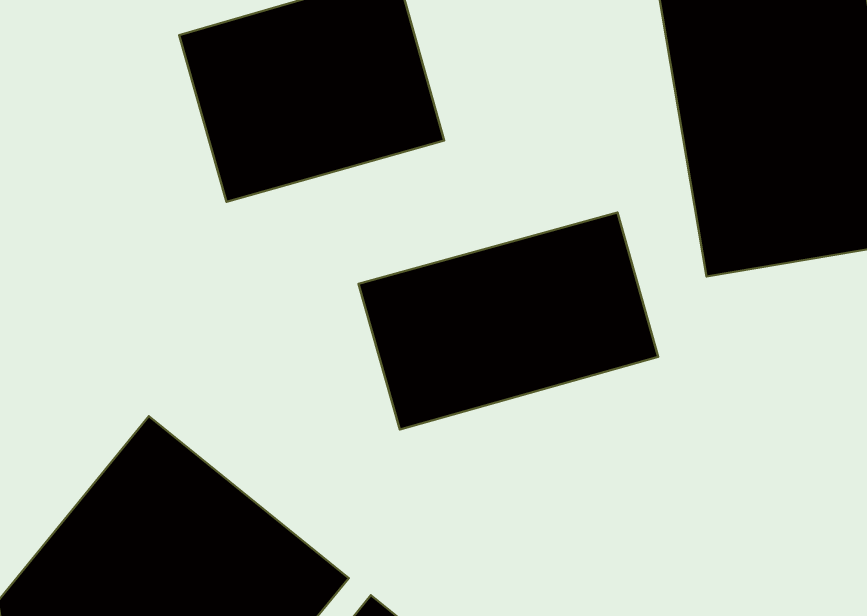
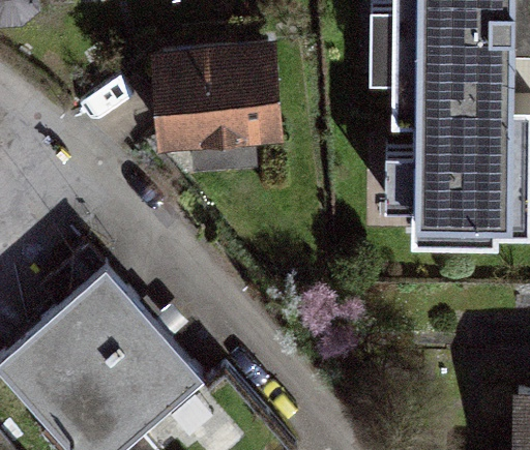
building: [359,213,658,429] -> none

